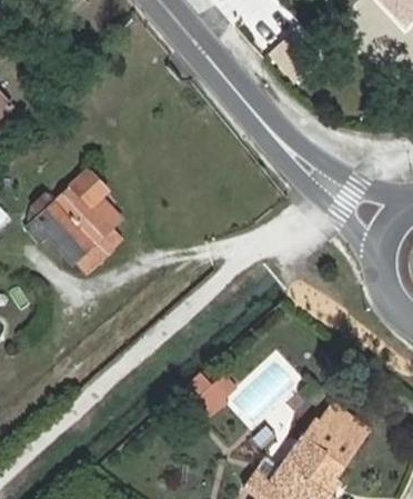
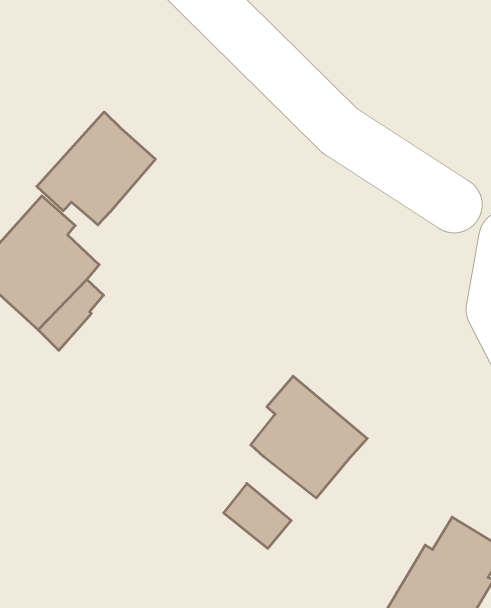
building: none -> [37,112,155,225]
building: none -> [251,376,367,498]

